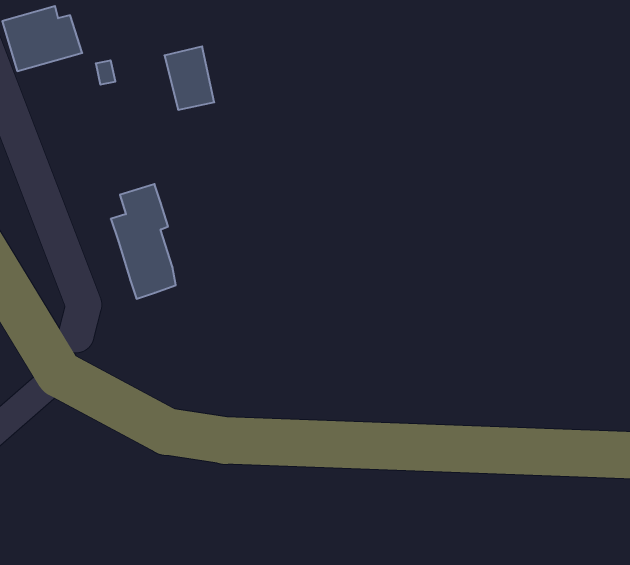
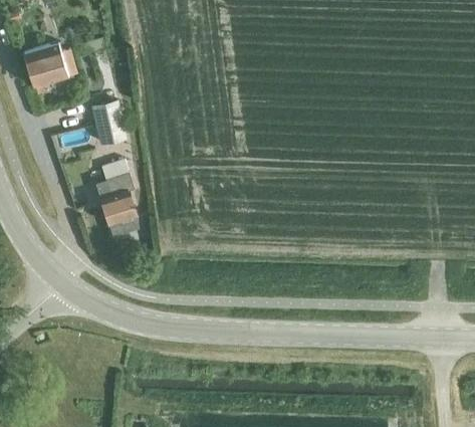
building: [164,46,214,110] -> [91,102,125,145]

